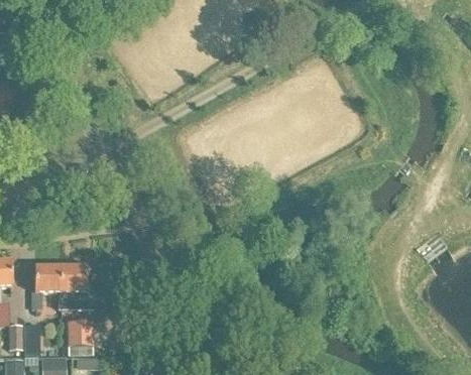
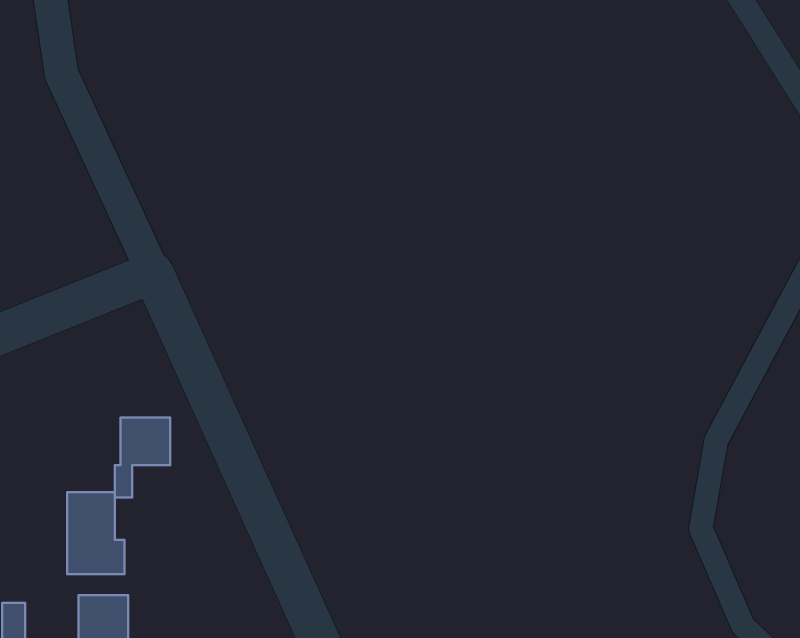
building: [31,265,61,307] -> [115,417,170,498]

